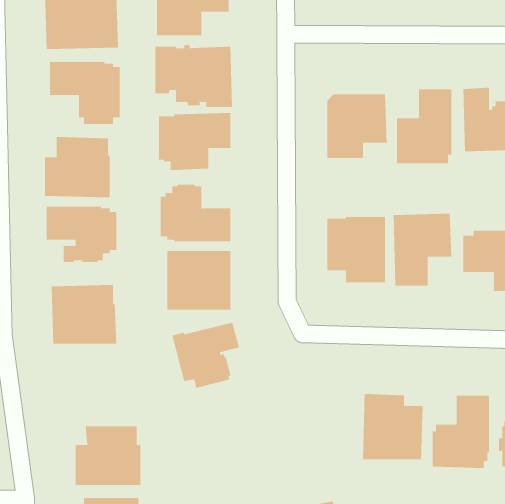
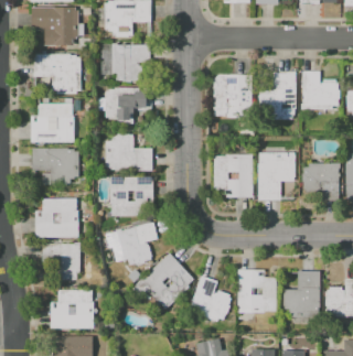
building: none -> [42,242,81,281]
building: none -> [132,253,192,314]
building: none -> [190,277,231,322]

